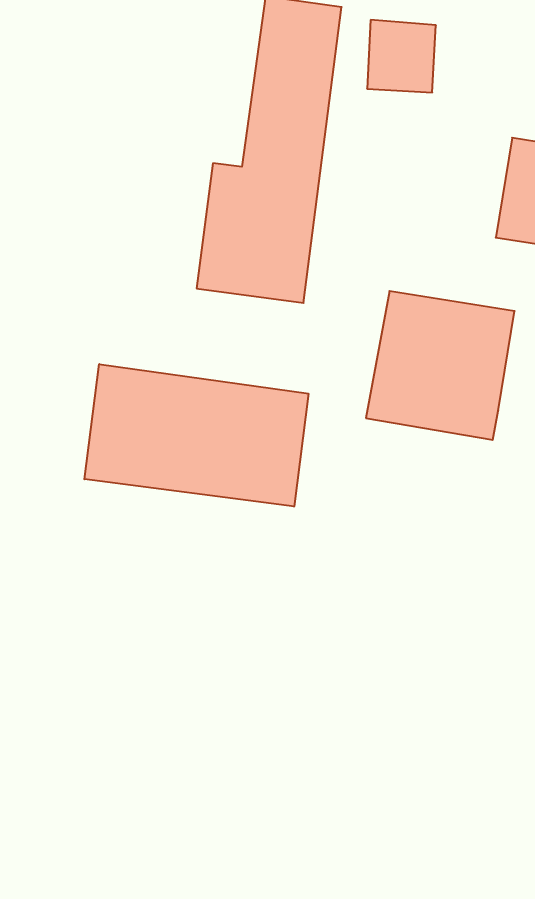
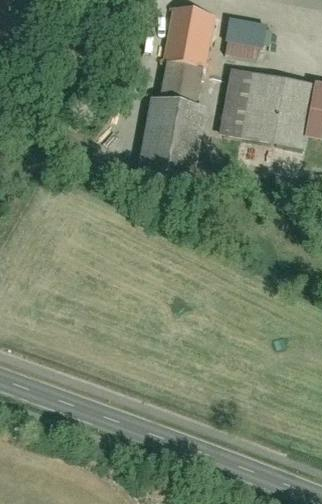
building: [366,291,515,440] -> [225,69,307,151]
building: [84,364,308,507] -> none

